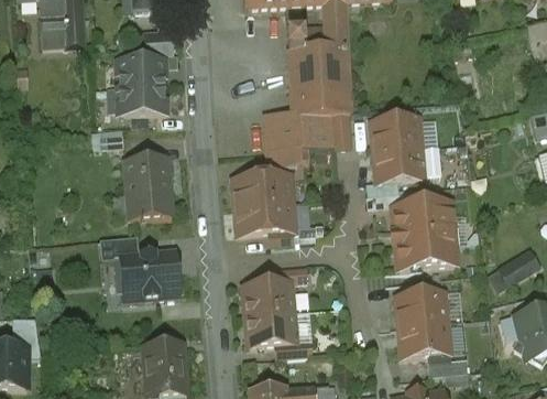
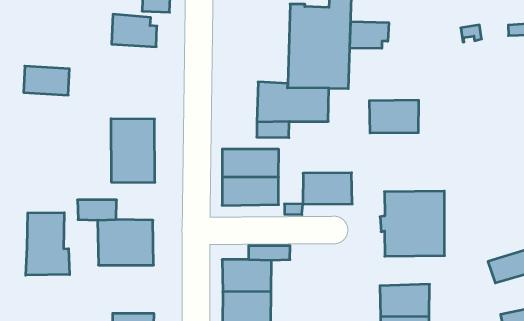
building: none -> [350,21,389,48]
building: [120,86,164,112] -> [24,66,69,95]
building: [374,147,424,181] -> [303,173,352,204]
building: none -> [26,213,70,275]

